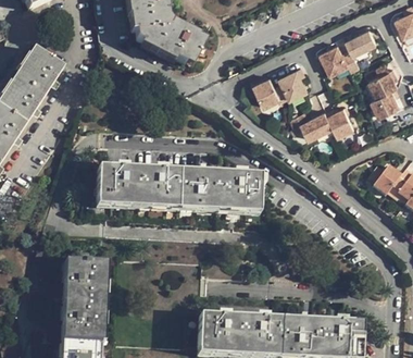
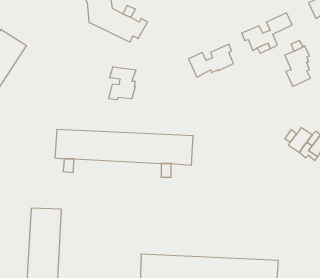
building: none -> [109,67,136,100]
building: [290,107,353,138] -> none

